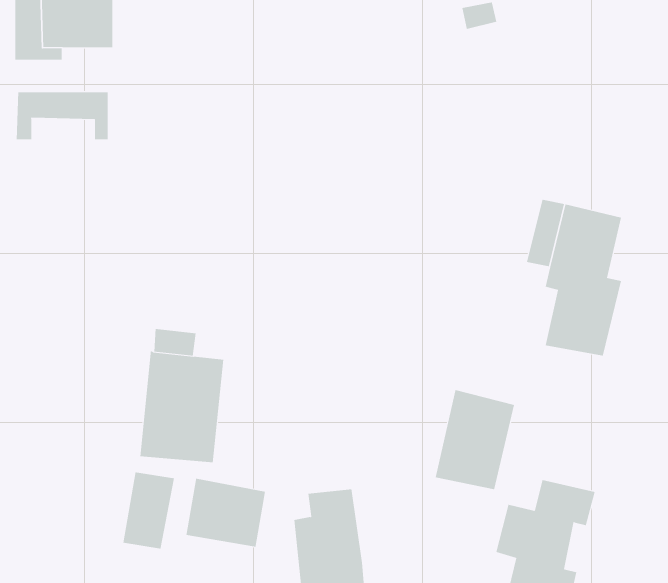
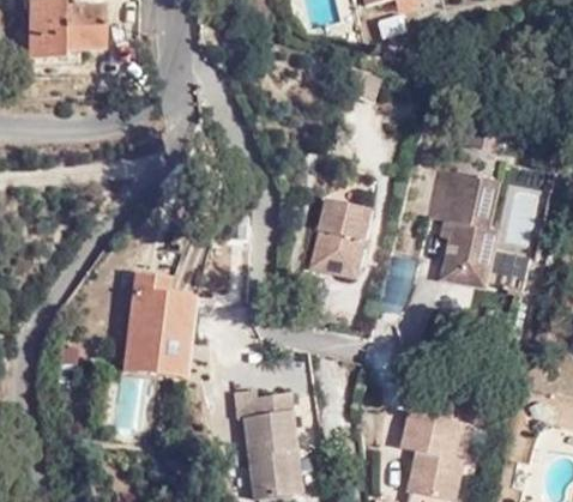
building: [16,92,108,140] -> none
building: [435,390,515,490] -> [309,195,372,273]
building: [186,478,266,548] -> none

